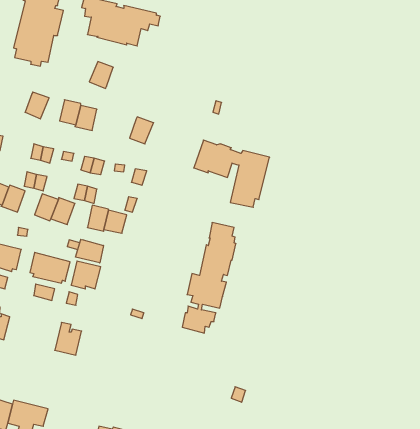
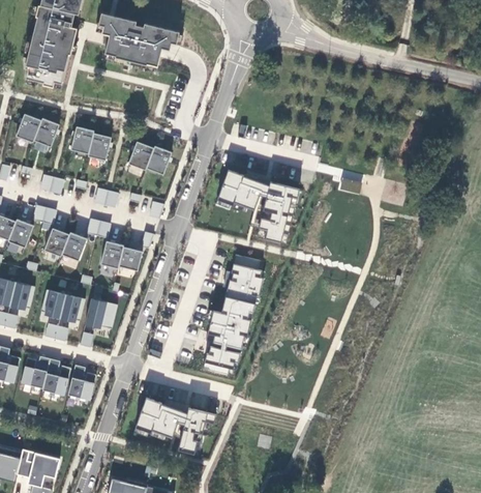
building: [89,62,113,88] -> [128,140,154,169]
building: none -> [16,112,41,141]
building: [76,239,103,263] -> none
building: none -> [20,357,69,396]
building: none -> [134,397,216,453]

